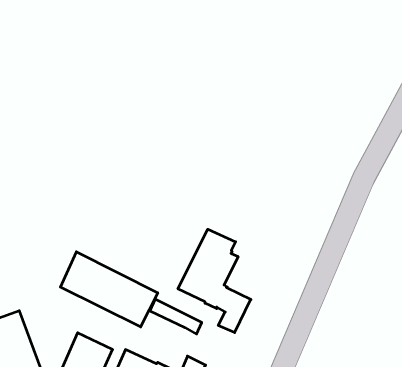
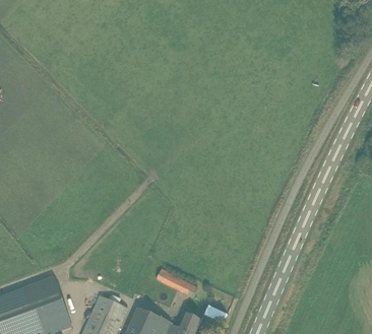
building: [178,229,251,333] -> none
building: [60,252,158,327] -> none

